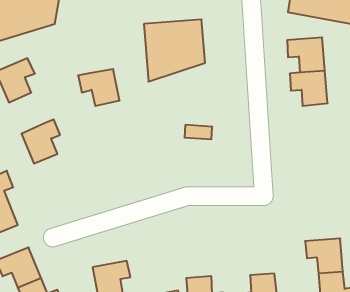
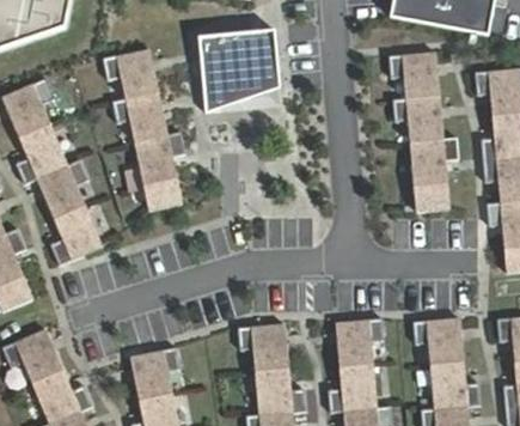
building: none -> [103,48,158,98]
building: none -> [14,123,67,183]
building: none -> [134,132,184,211]
building: none -> [409,136,458,211]
building: none -> [49,205,102,264]
building: none -> [335,318,384,366]
building: none -> [238,323,288,370]

